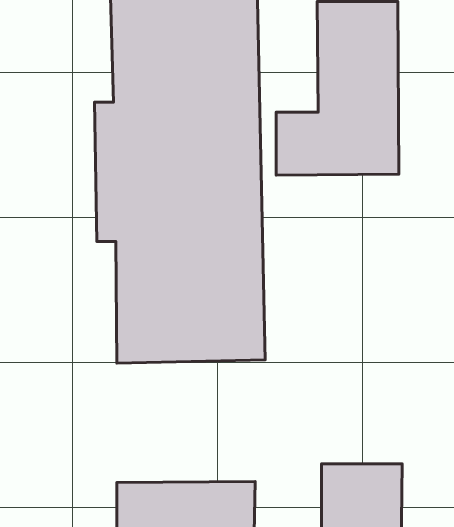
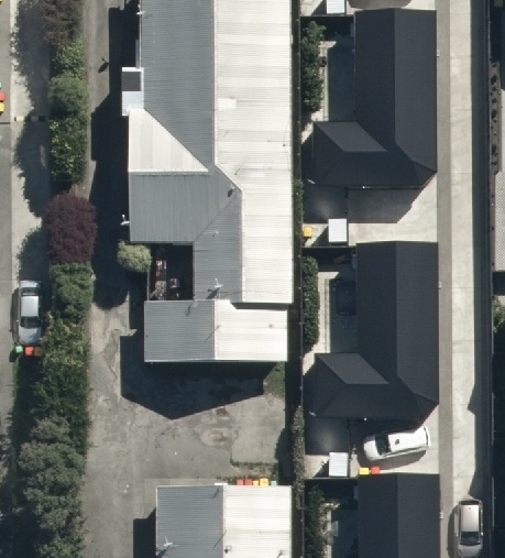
building: none -> [315,241,437,414]

